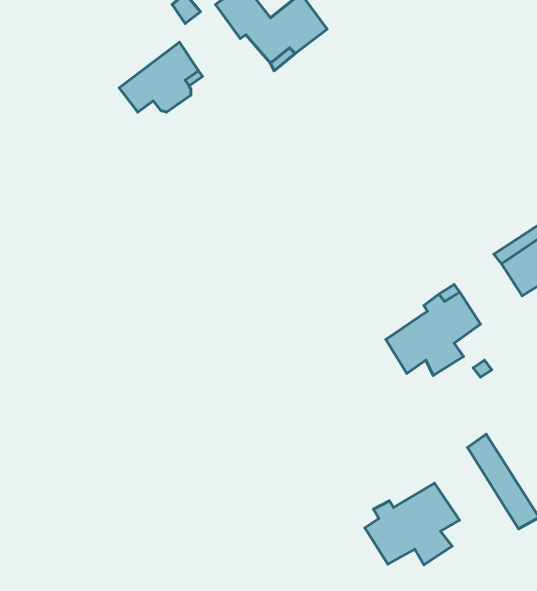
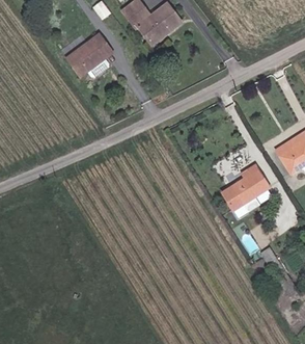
building: [365,483,459,565] -> none

